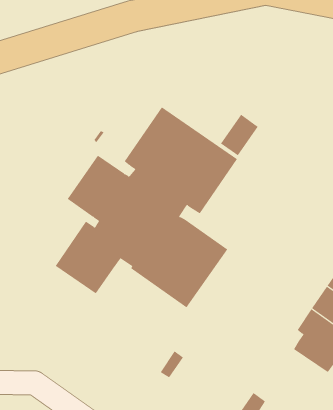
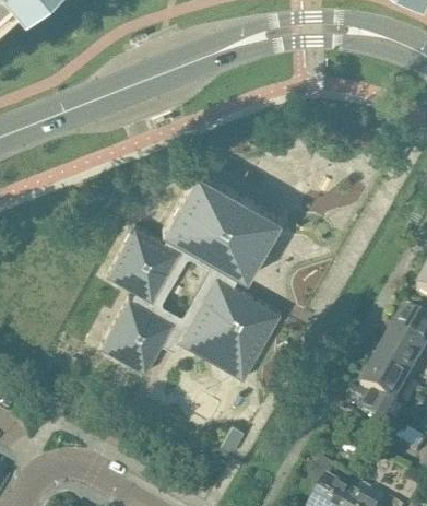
building: [220,114,259,156] -> none

